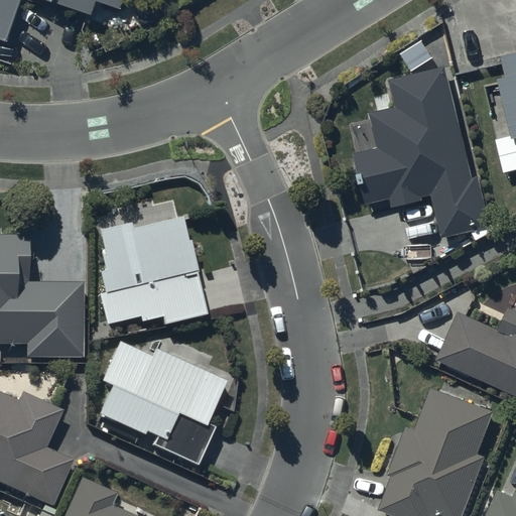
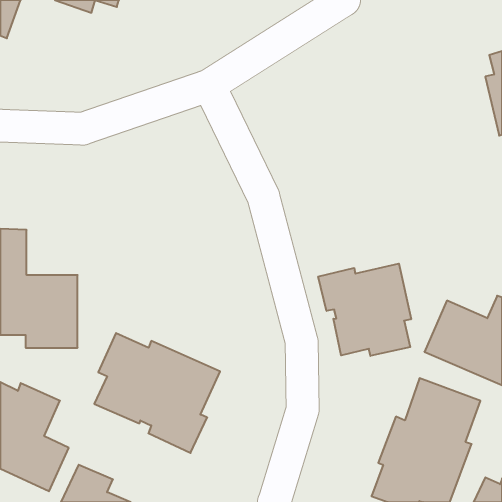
building: [355,63,490,238] -> none
building: [98,217,205,327] -> none
building: none -> [318,264,411,356]

